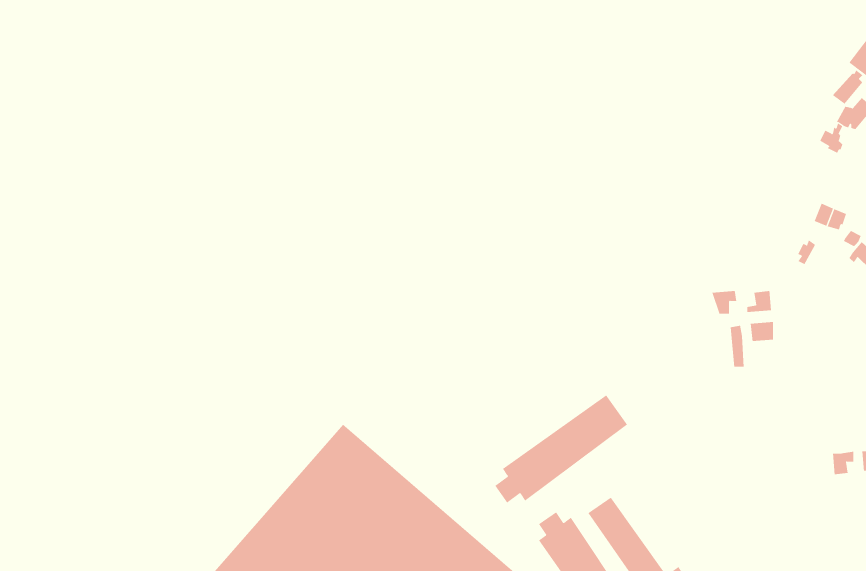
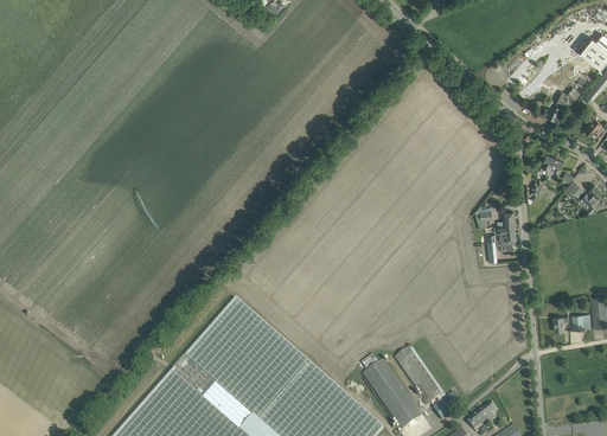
building: [494,394,628,504] -> none

